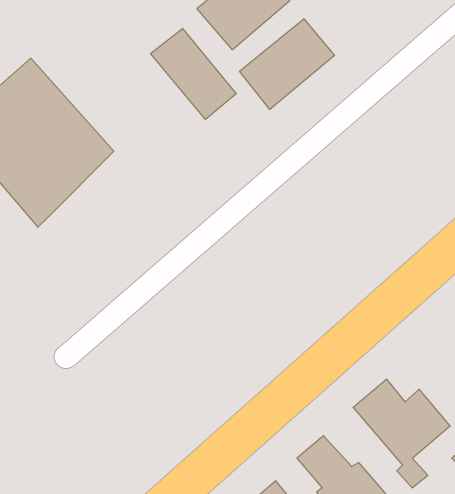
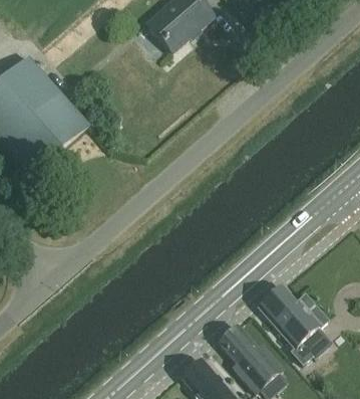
building: [239,19,335,109] -> none
building: [151,28,236,120] -> none

